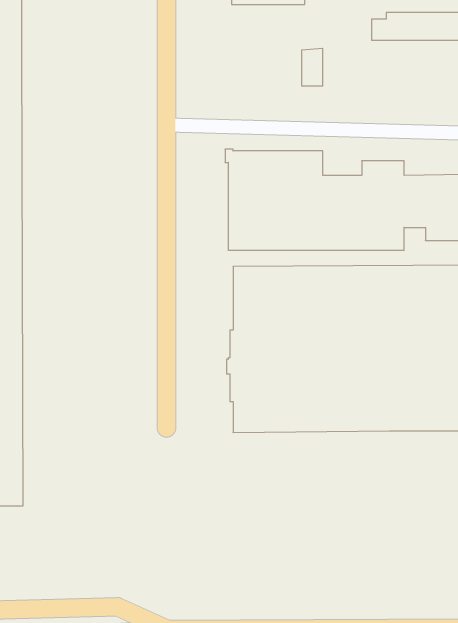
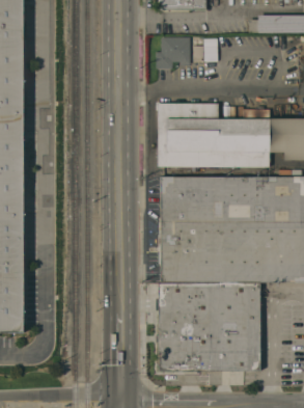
building: none -> [155,36,189,69]
building: none -> [155,281,259,371]

